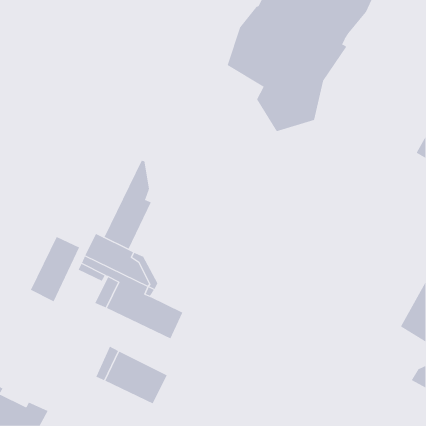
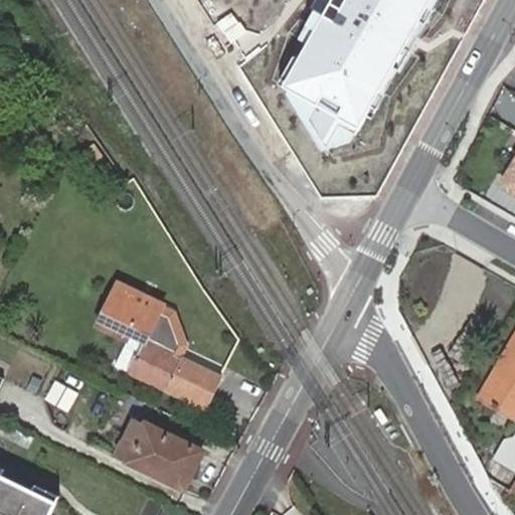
building: [104,160,151,250] -> none
building: [30,236,80,302] -> none

